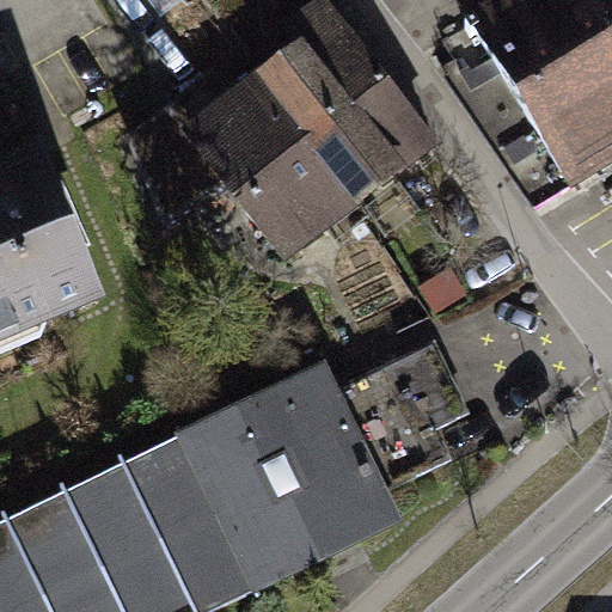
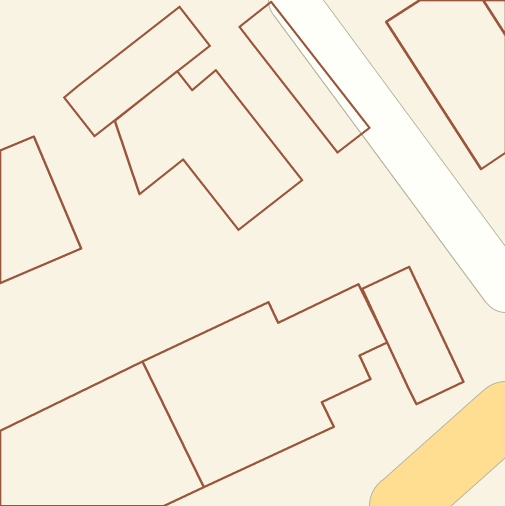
building: none -> [64,7,210,136]
building: [262,51,409,218] -> none
building: none -> [362,267,464,404]

